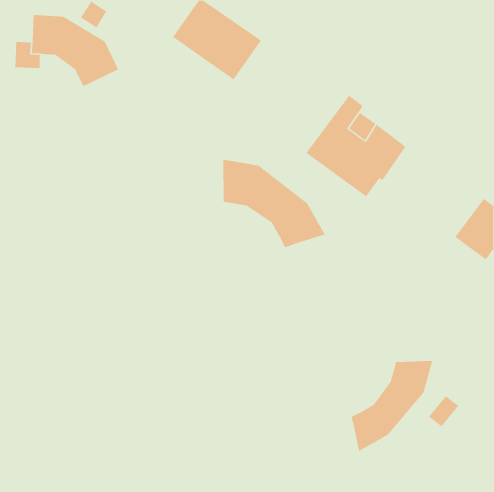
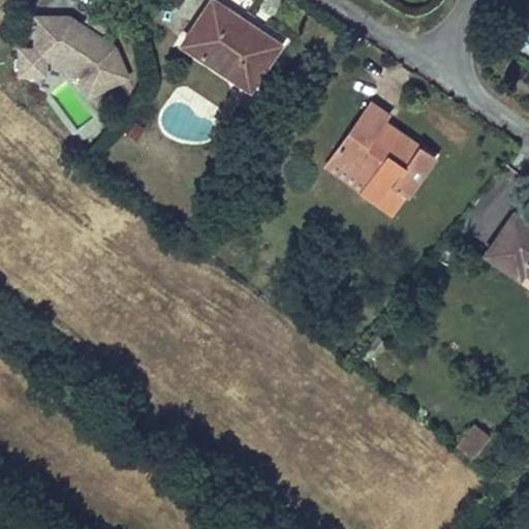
building: [223,159,325,248] -> none
building: [351,360,433,452] -> none

